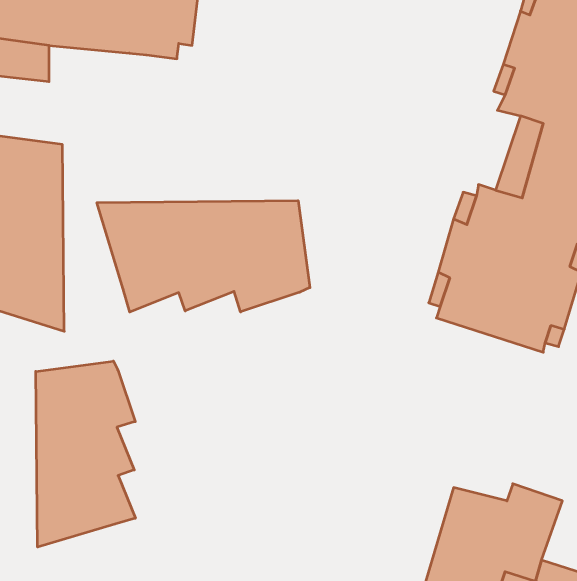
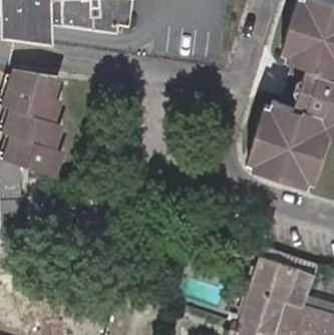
building: [97,201,310,312] -> none
building: [36,361,135,547] -> none

